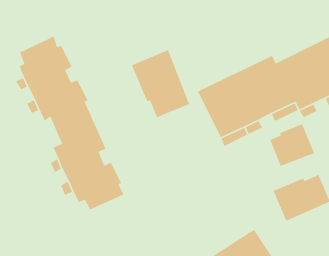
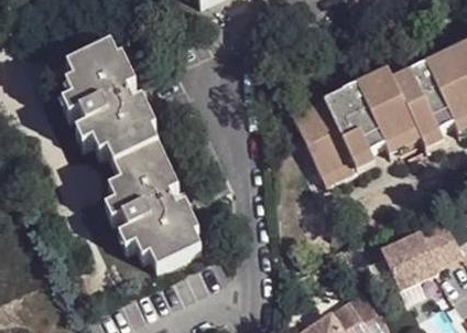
building: [131,49,190,118] -> none
building: [269,123,315,167] -> none

